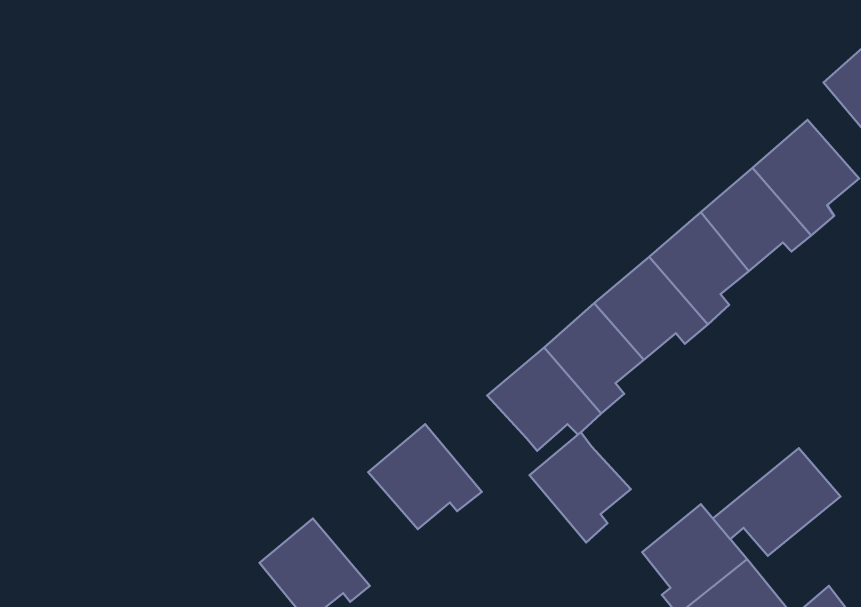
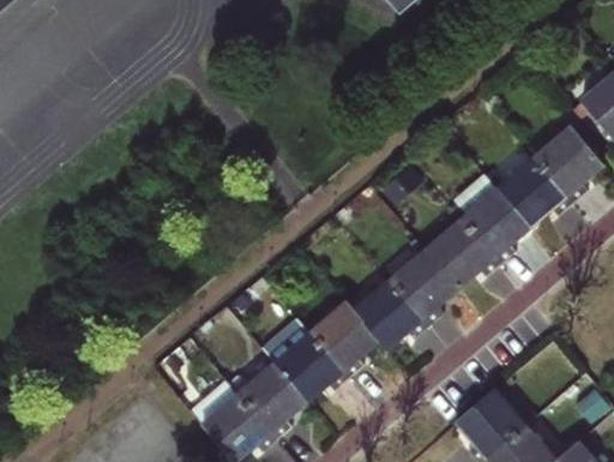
building: [529,432,631,543] -> [308,304,377,378]
building: [713,448,841,556] -> none
building: none -> [233,365,303,442]

